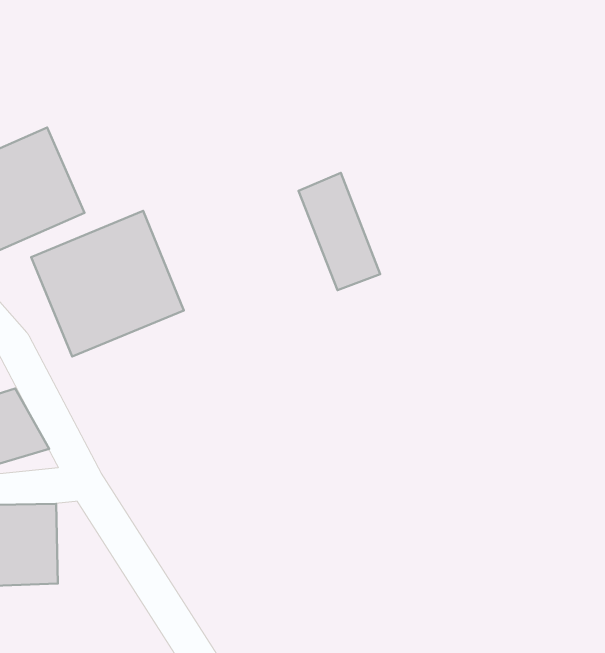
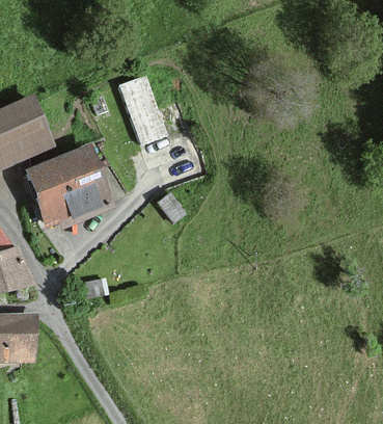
building: [298,173,380,290] -> [118,74,166,142]

